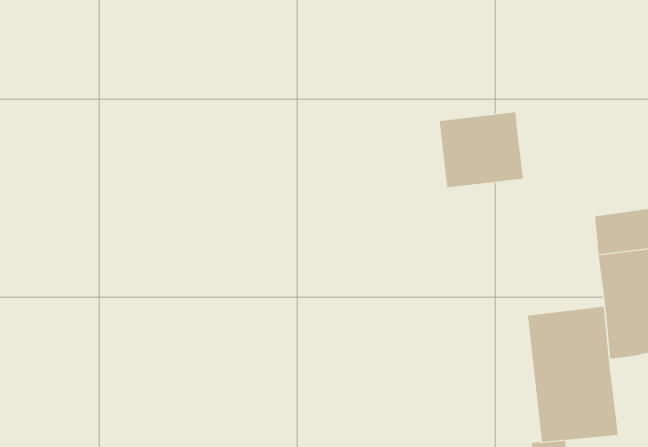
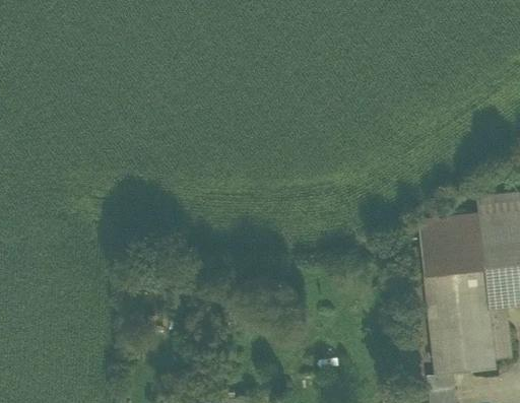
building: [439,112,524,188] -> [417,215,484,275]
building: none -> [489,308,512,359]

